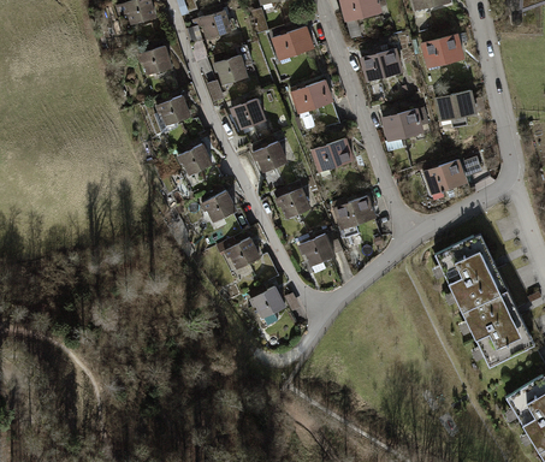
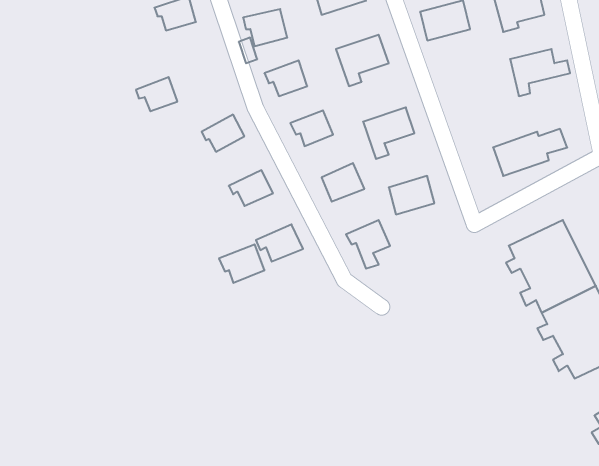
building: [154,95,189,124] -> [136,77,177,111]
building: [381,106,430,152] -> none
building: [248,285,286,318] -> [219,244,265,283]

